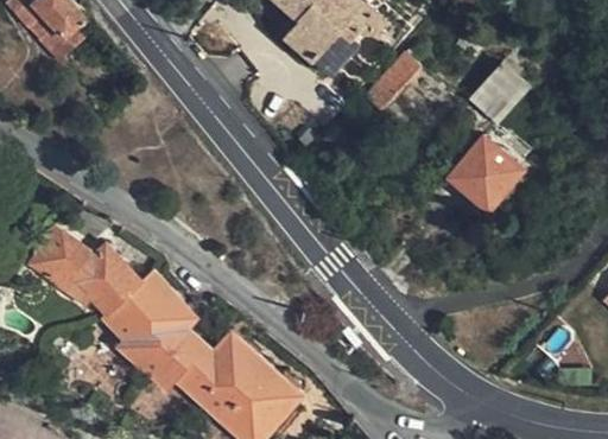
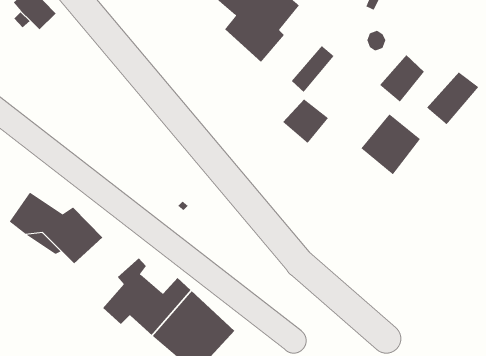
building: none -> [426,72,479,125]
building: none -> [282,98,329,144]
building: [103,275,184,369] -> none

